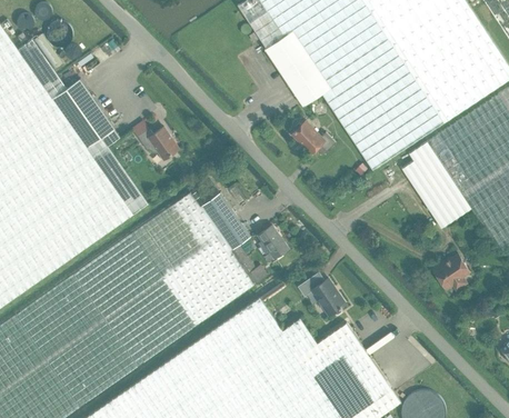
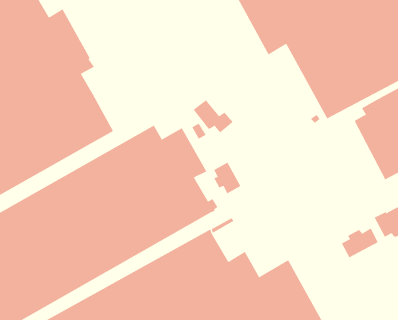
building: [291,121,336,156] -> [193,100,233,133]
building: [137,127,178,159] -> none
building: [298,272,345,316] -> none
building: none -> [341,227,379,258]

